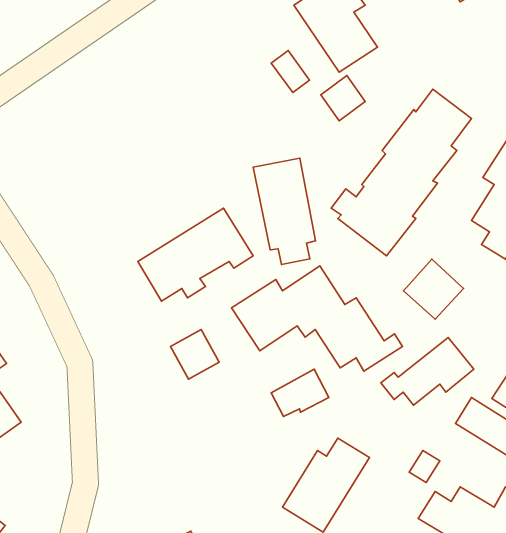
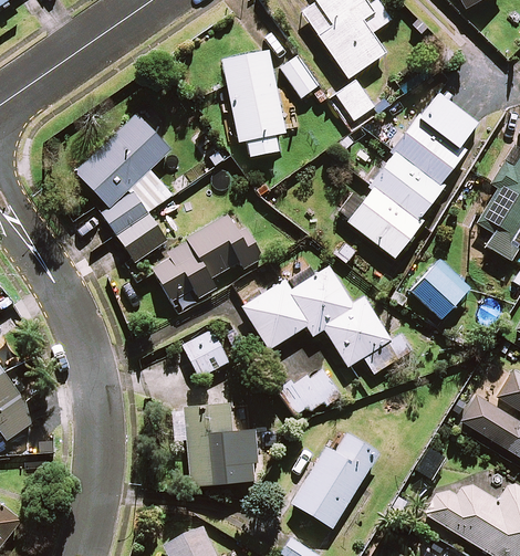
building: none -> [76,115,171,259]
building: [253,158,316,265] -> [223,52,284,156]
building: [381,337,474,405] -> none
building: none -> [186,405,242,484]

